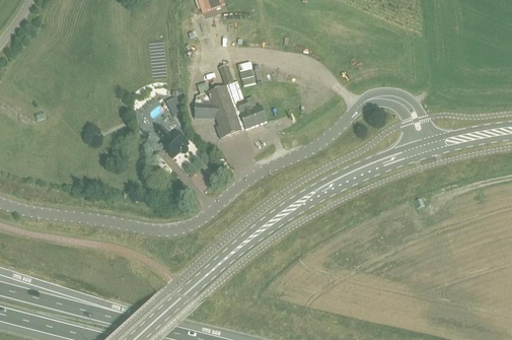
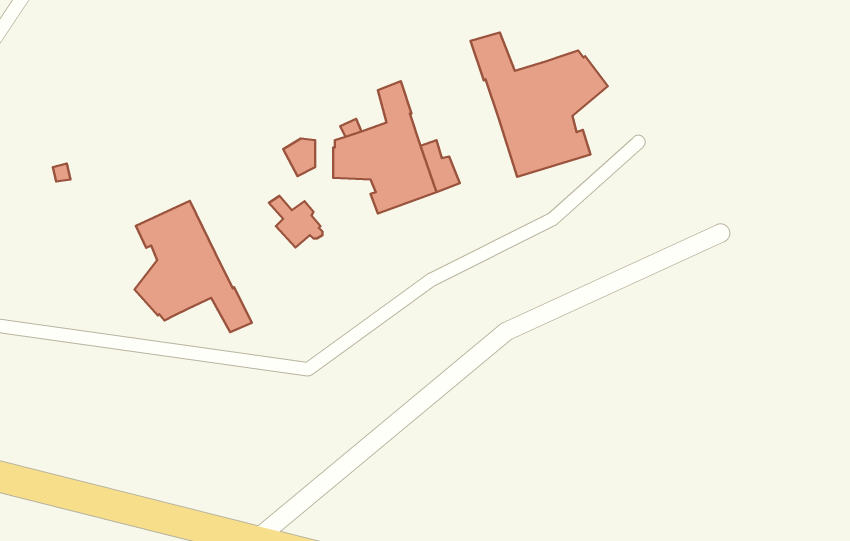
building: none -> [471,33,608,177]
building: none -> [135,201,252,332]

